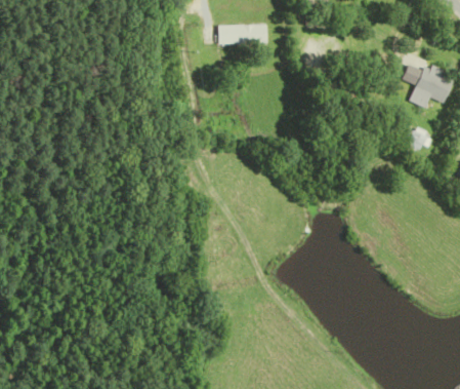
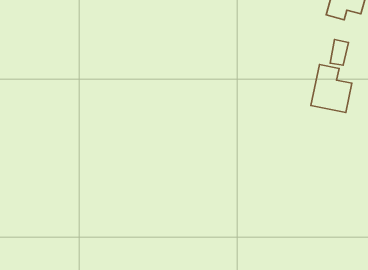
building: none -> [311,65,352,113]

